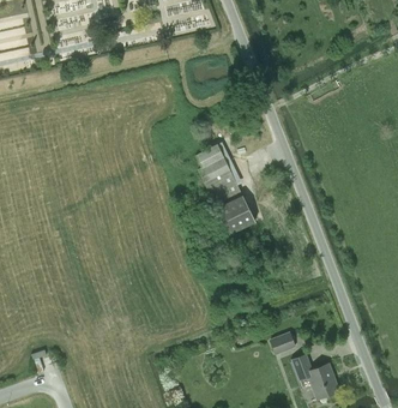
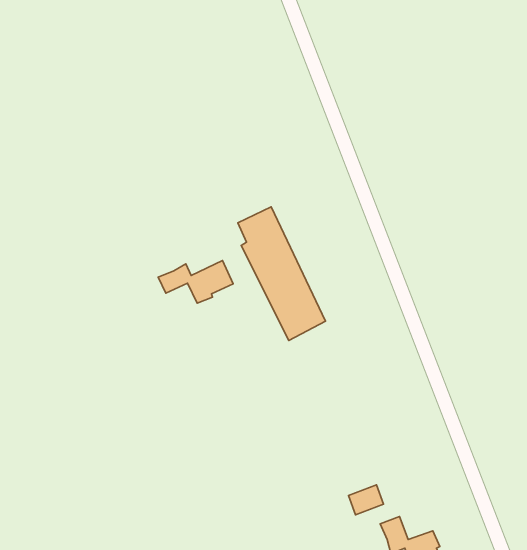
building: none -> [158,261,233,303]

